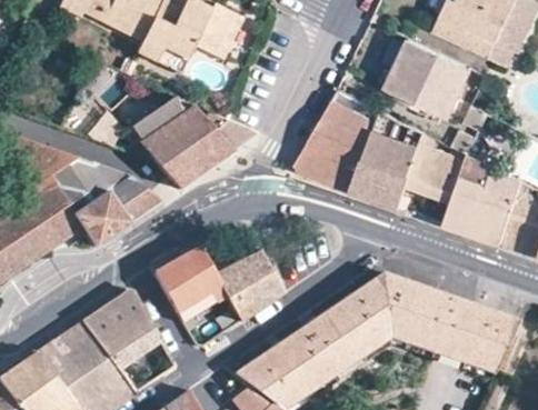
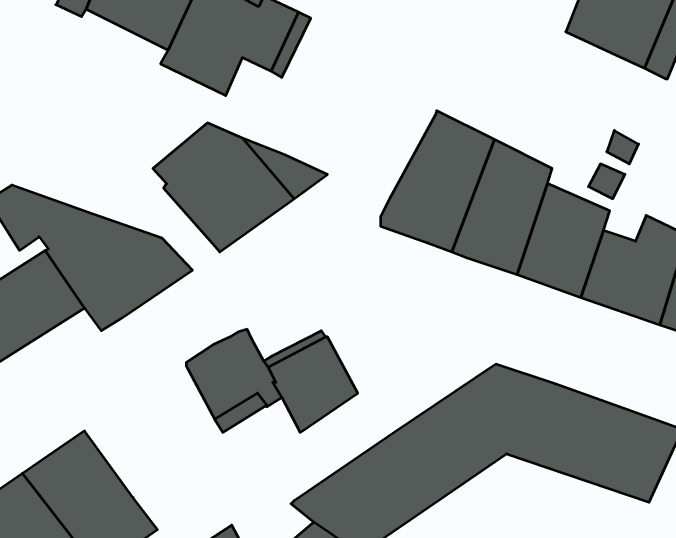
building: [383,34,469,113] -> none
building: [81,289,161,370] -> none

